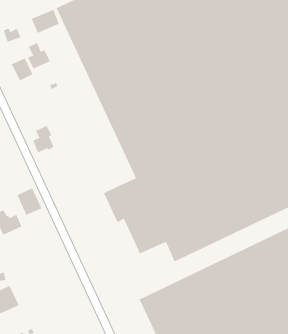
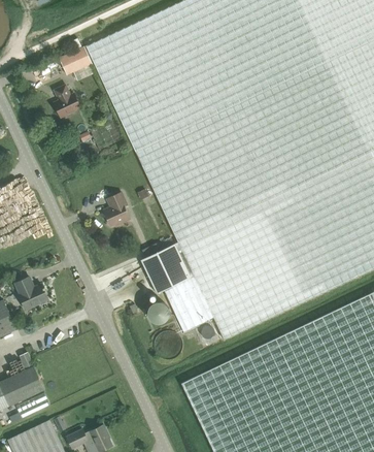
building: [11,57,33,81] -> none
building: [32,125,54,154] -> [104,193,130,226]
building: [16,187,42,216] -> none

